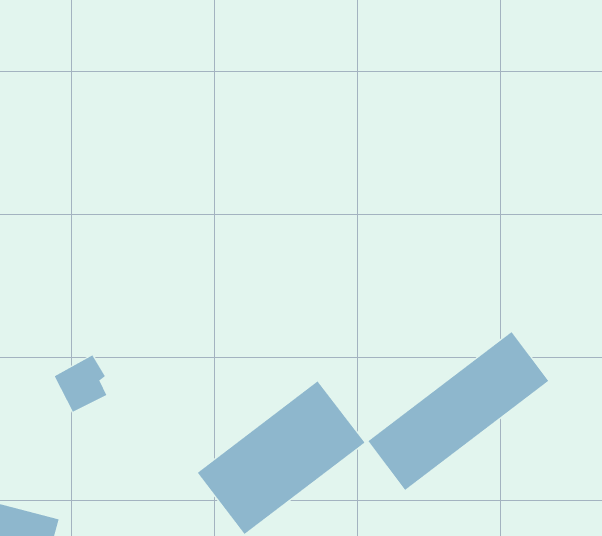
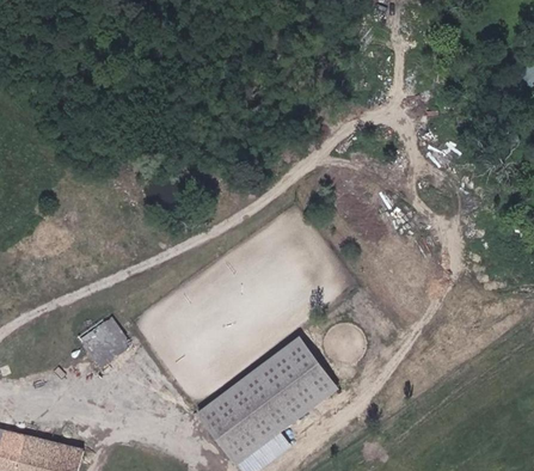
building: [367,331,549,491] -> none

